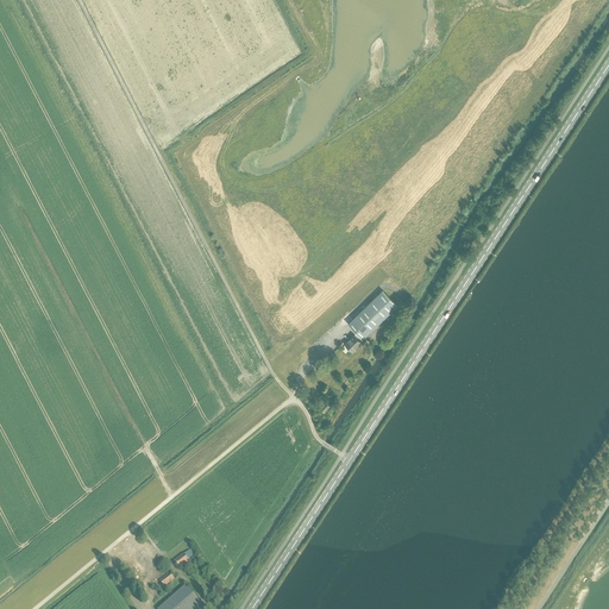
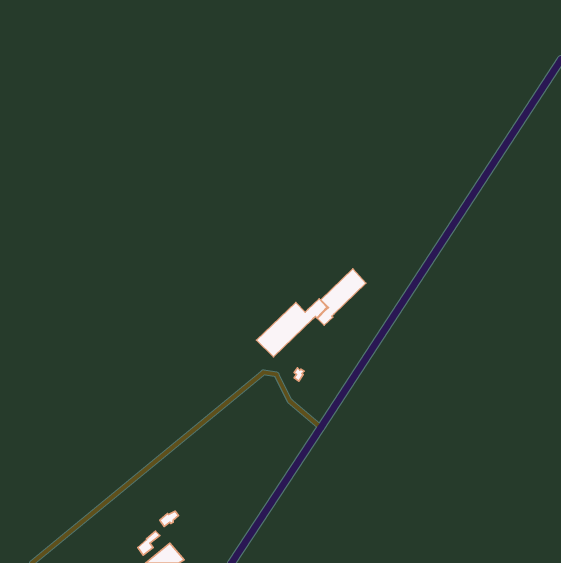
building: none -> [257,299,327,357]

